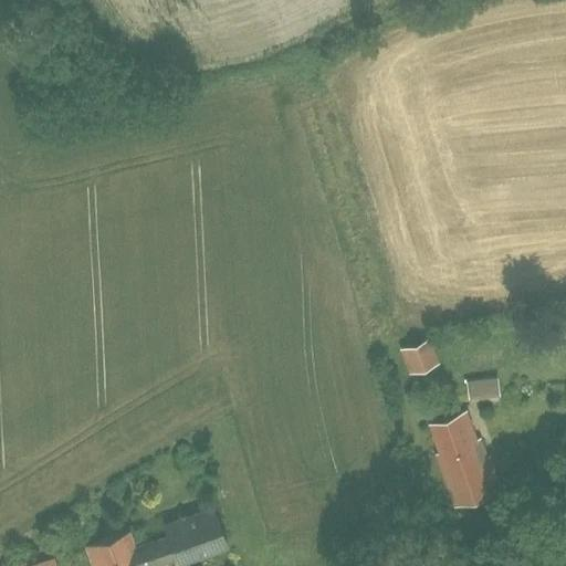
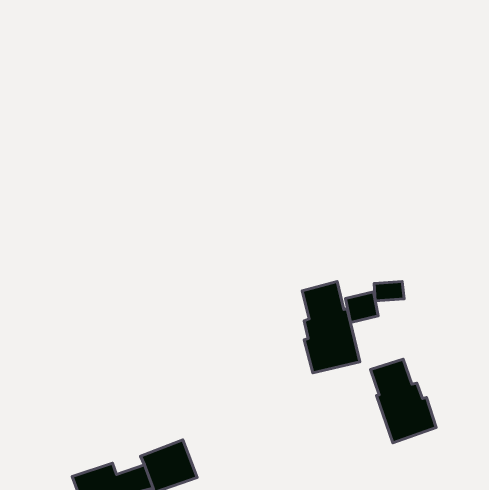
building: none -> [302,282,360,373]
building: [465,378,500,400] -> [374,281,404,301]

